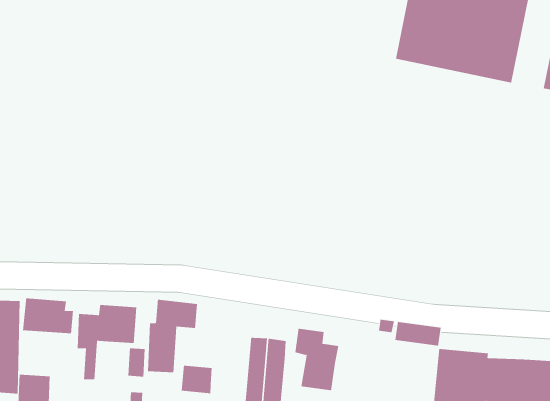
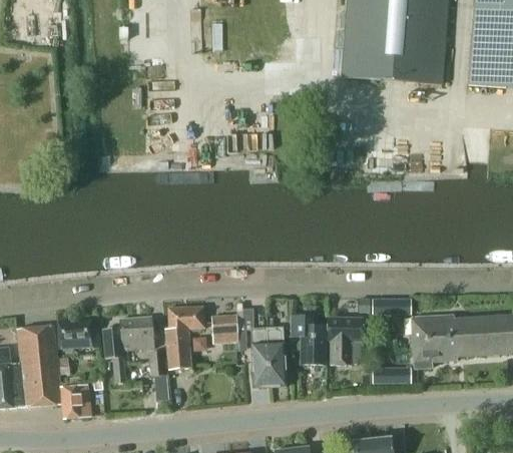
building: none -> [327,318,364,365]
building: [181,365,212,394] -> [211,317,238,340]

